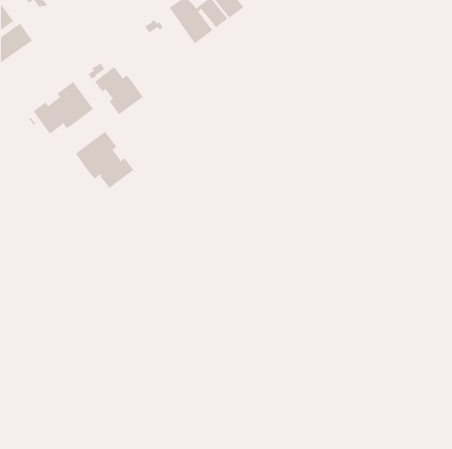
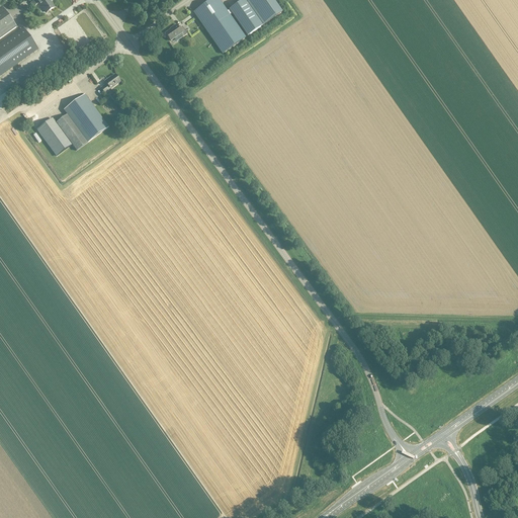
building: [94,66,143,115] -> none
building: [75,131,134,189] -> none

